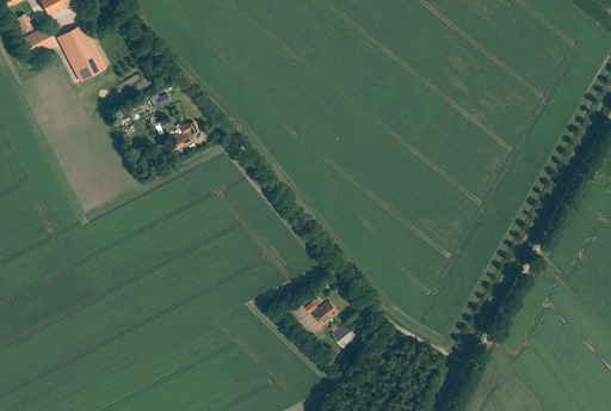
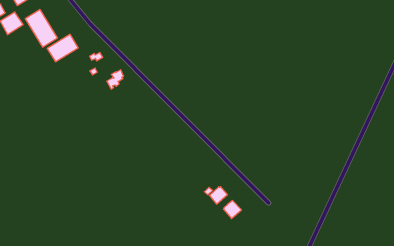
building: none -> [47,34,78,62]

